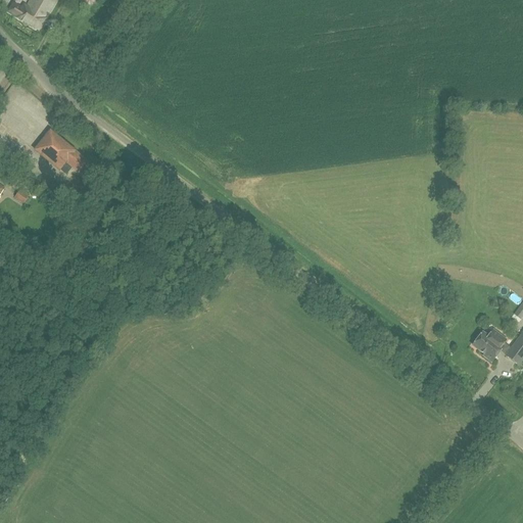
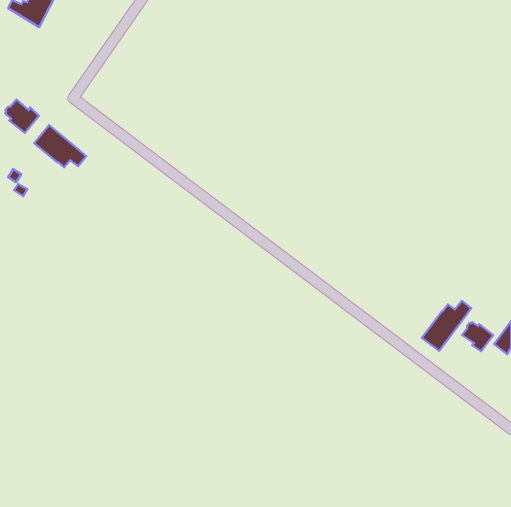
building: none -> [5,99,39,133]
building: none -> [422,301,471,351]

